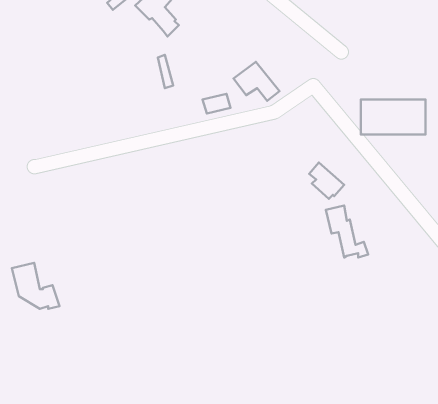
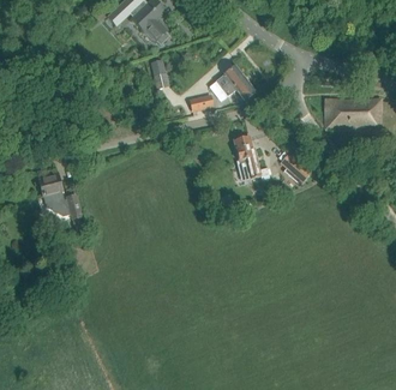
building: [326,205,368,257] -> [234,136,270,180]
building: [12,263,60,309] -> [40,175,80,215]

